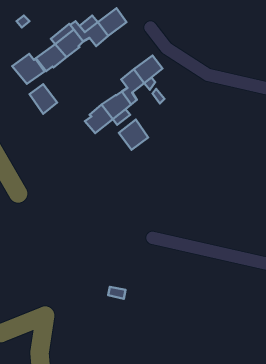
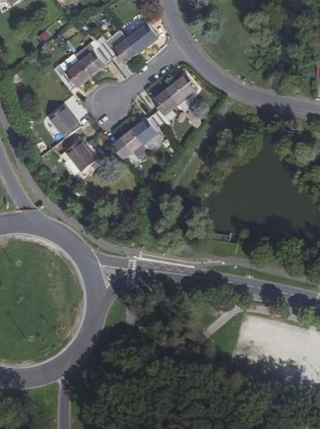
building: [12,54,45,84] -> none
building: none -> [67,139,97,169]
building: [119,120,148,150] -> none

